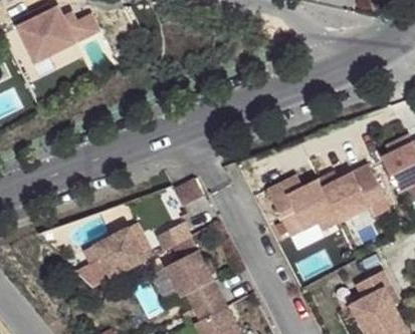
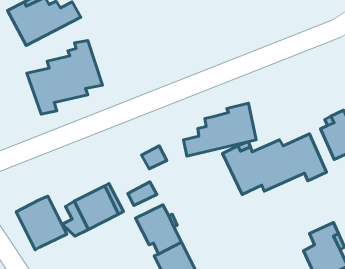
building: none -> [27,41,102,114]
building: none -> [184,103,256,156]
building: none -> [16,196,67,250]

